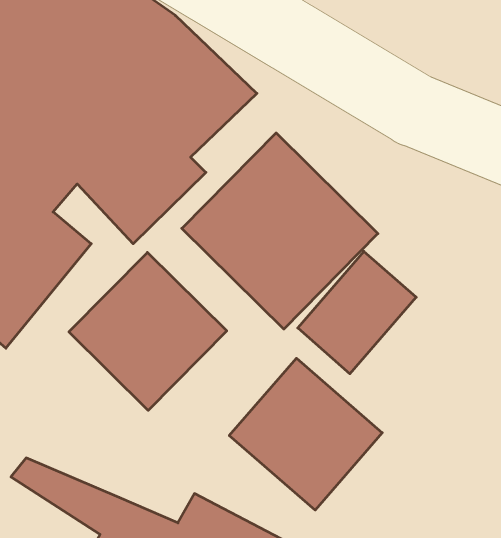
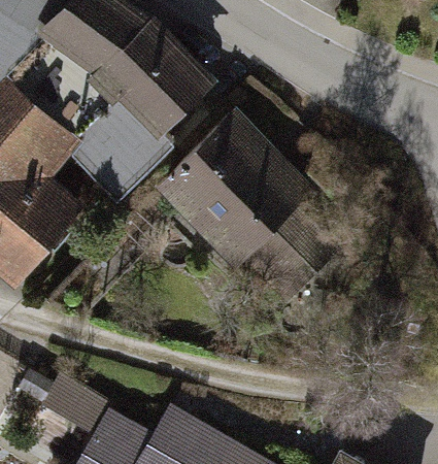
building: [69,252,227,410] -> none
building: [229,358,382,510] -> none

